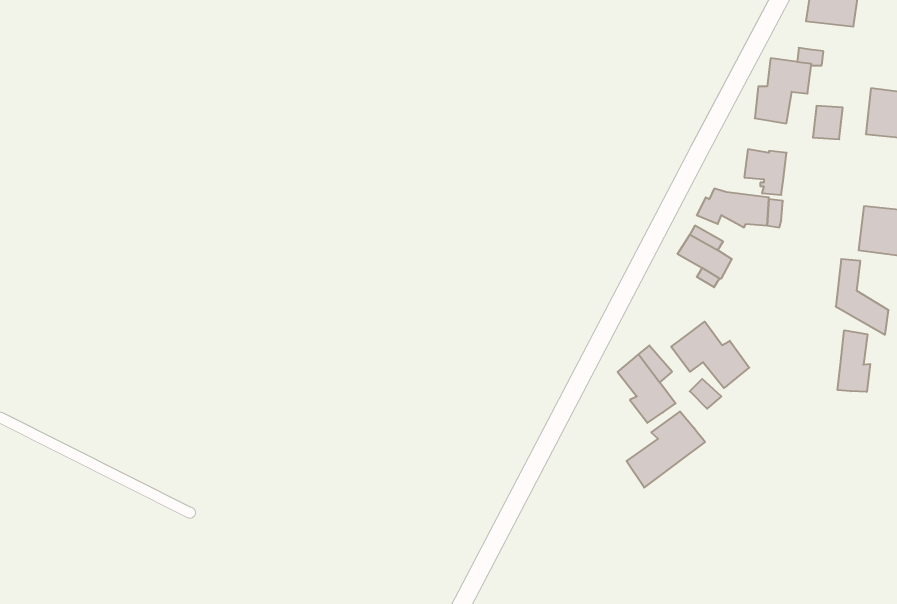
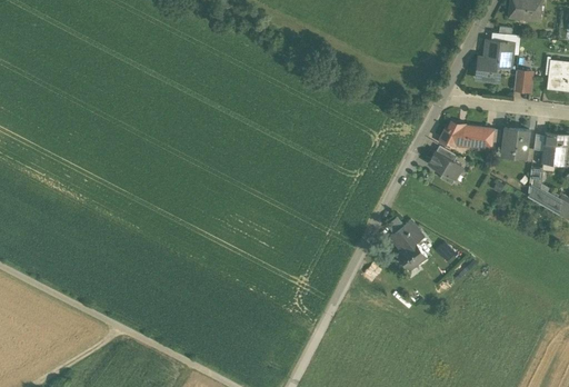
building: [744,149,787,195] -> [502,128,529,157]
building: [671,322,749,388] -> none
building: [838,330,870,392] -> none
building: [627,411,705,488] -> none

